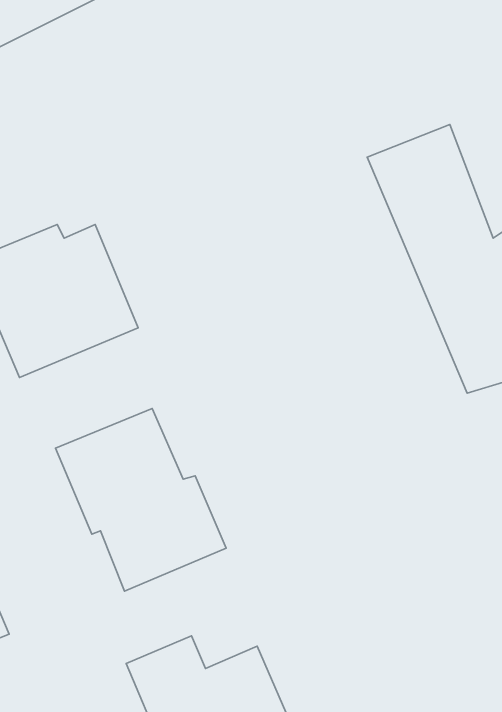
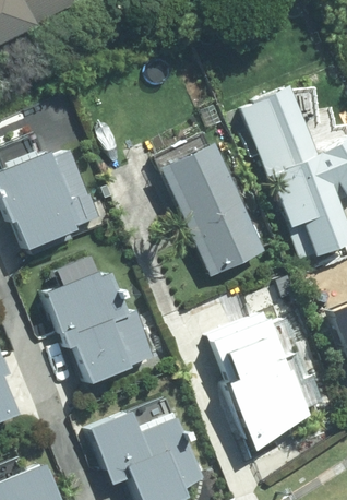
building: none -> [159,142,264,275]
building: none -> [207,312,304,449]

